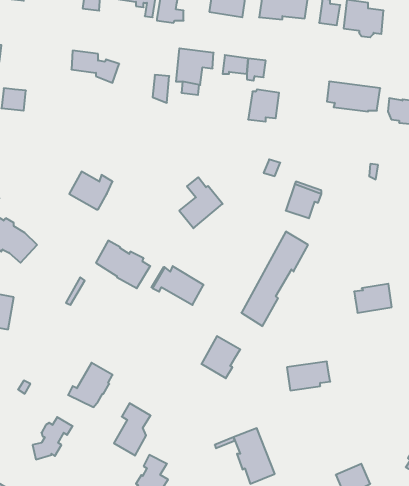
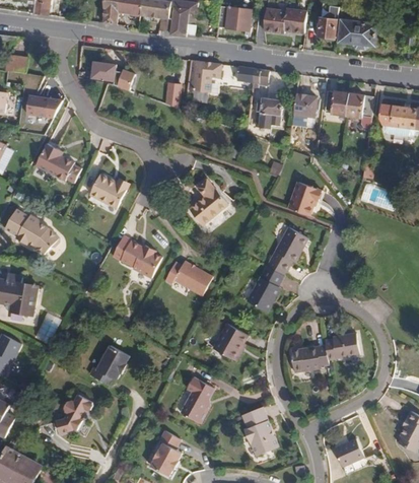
building: none -> [291,94,316,129]
building: none -> [36,143,81,183]
building: [354,284,392,313] -> [324,333,358,359]
building: [114,403,151,456] -> [178,376,211,424]

